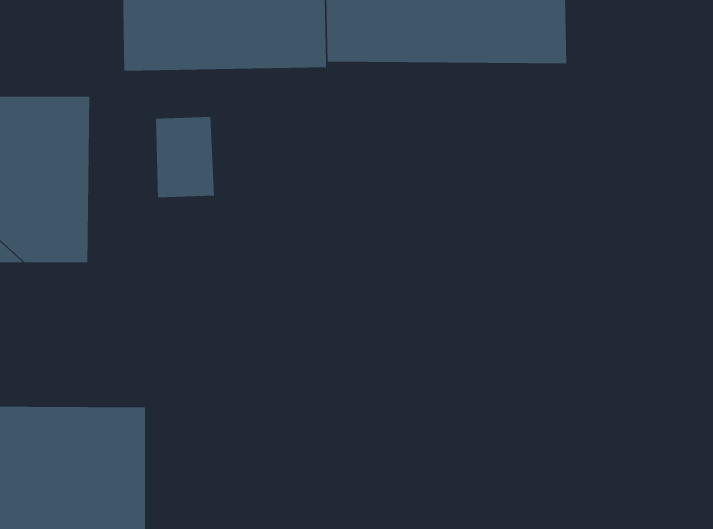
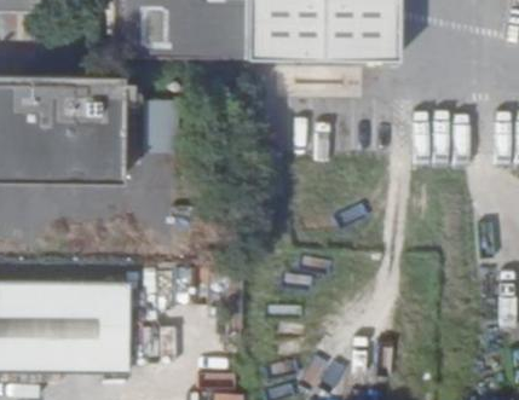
building: none -> [90,77,127,186]

